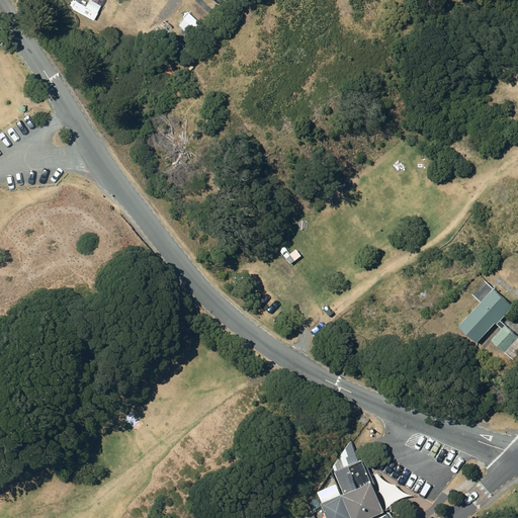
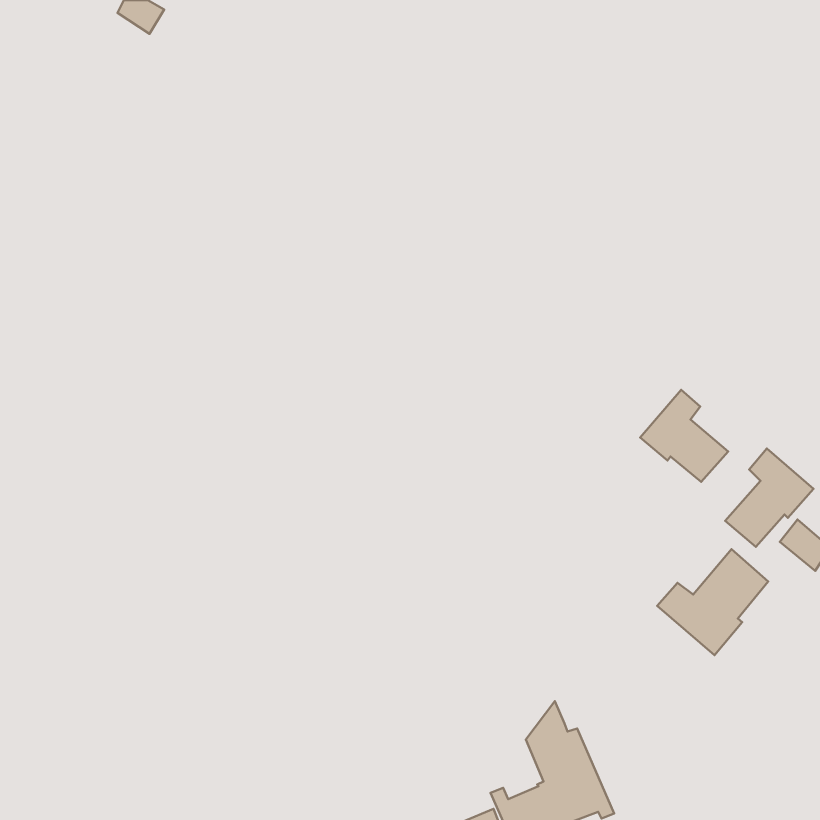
building: none -> [640,390,728,482]
building: none -> [657,549,768,655]

